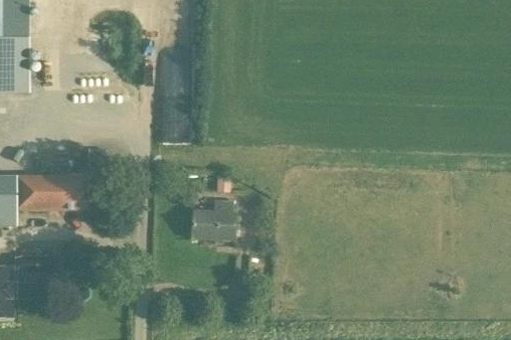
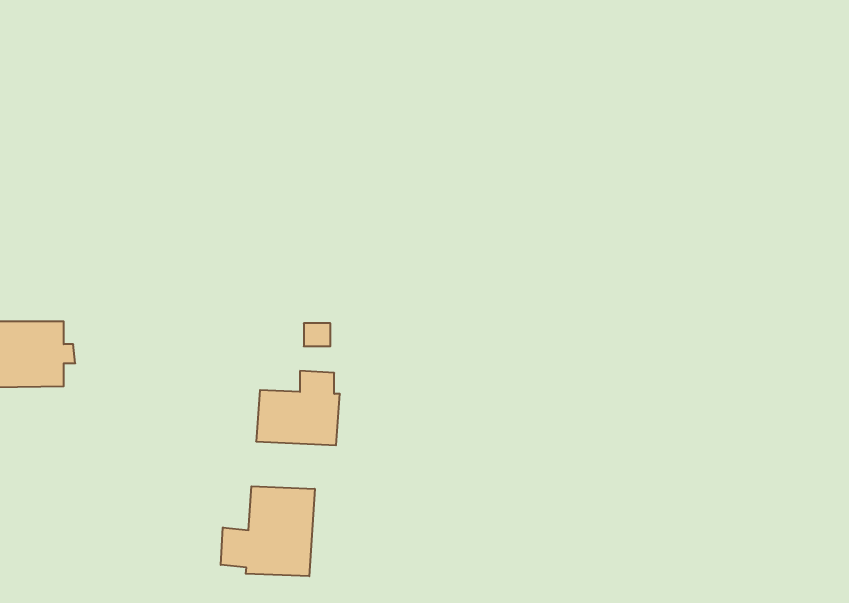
building: none -> [221,486,315,576]

